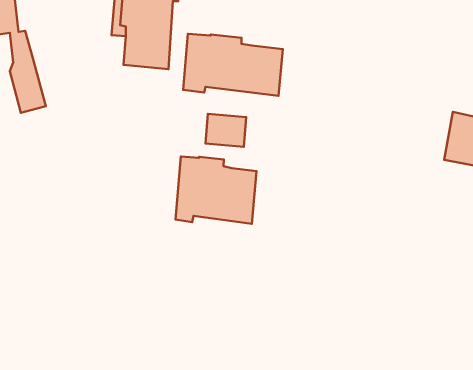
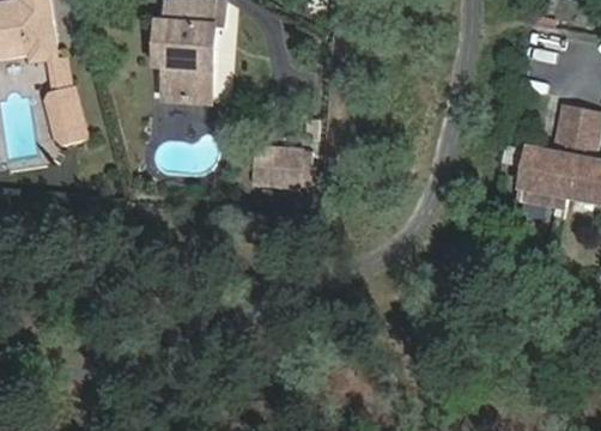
building: [183,34,283,96] -> none
building: [175,156,257,224] -> none

